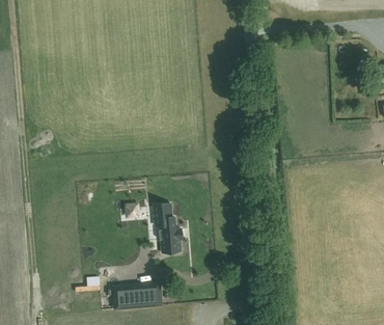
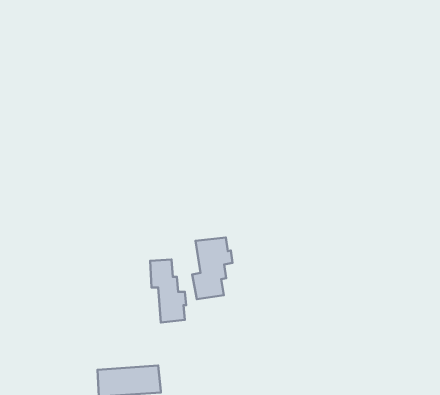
building: none -> [192,237,233,299]

